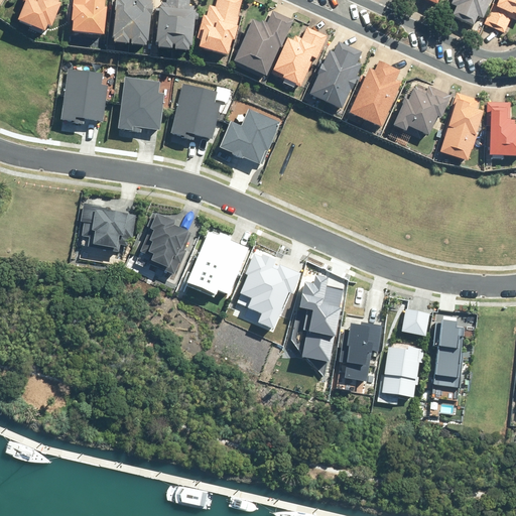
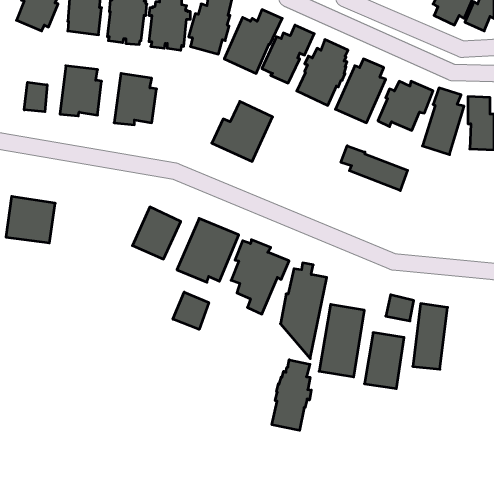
building: [171,84,219,137] -> none
building: none -> [24,82,47,112]
building: none -> [341,146,408,191]
building: [82,207,133,255] -> [6,196,55,243]
building: none -> [173,292,209,329]
building: none -> [272,360,311,430]

